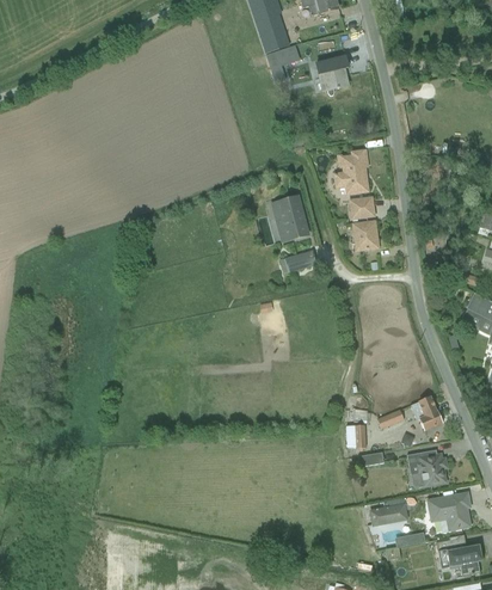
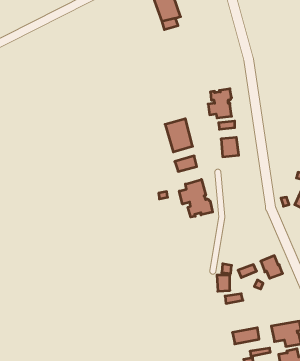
building: [315,56,349,92] -> none
building: none -> [179,179,213,217]
building: [407,449,447,488] -> none

